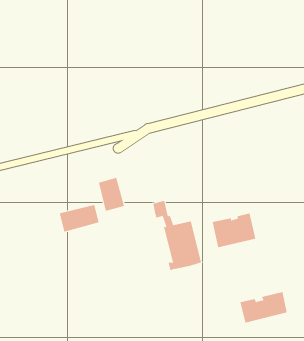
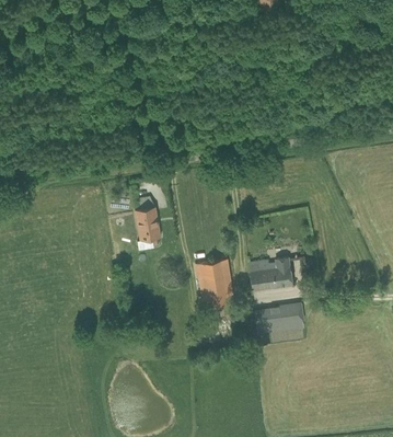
building: [59,204,99,233] -> none
building: [239,291,287,323] -> [254,303,302,332]

